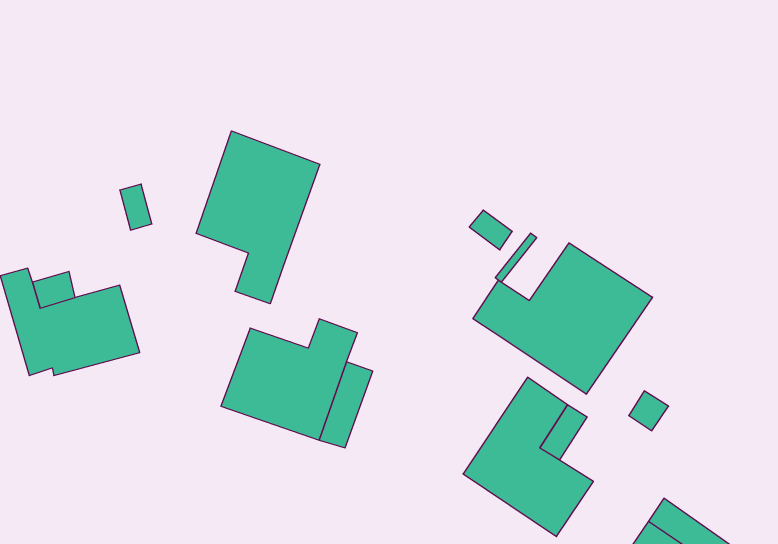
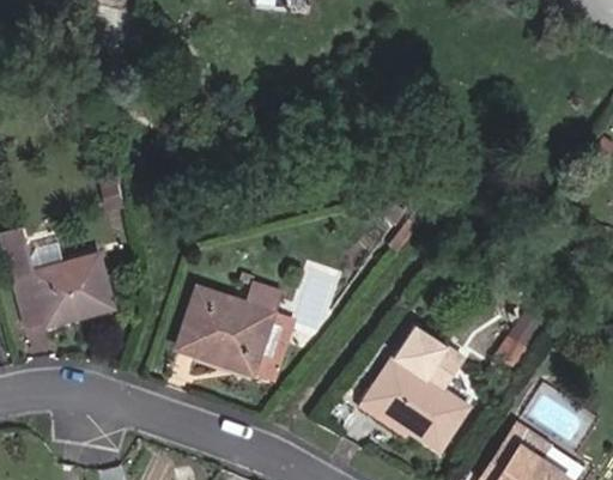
building: [196,131,320,304] -> none
building: [473,243,653,394] -> none

